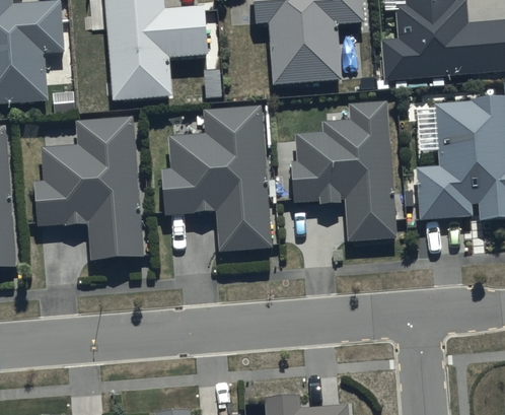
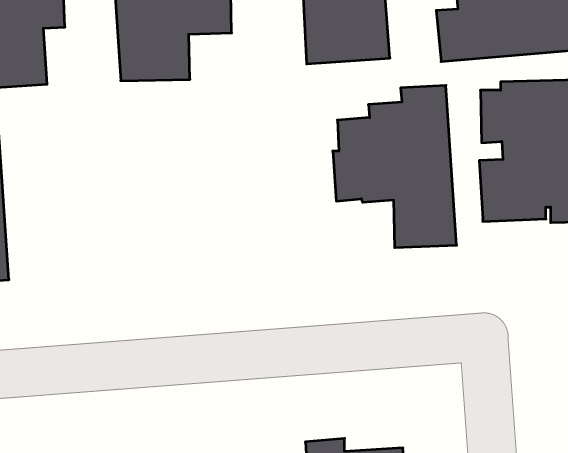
building: [158,102,272,248] -> none
building: [34,116,143,256] -> none

